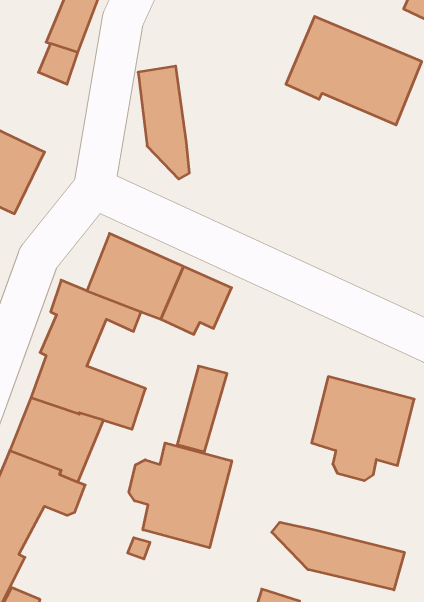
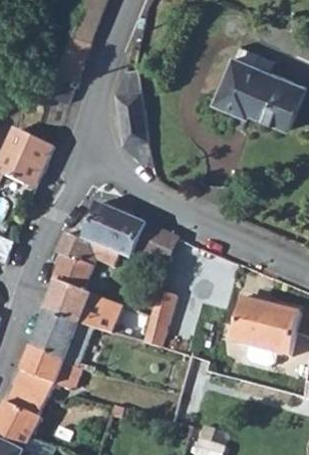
building: [129,443,232,548] -> none
building: [272,522,404,590] -> none

